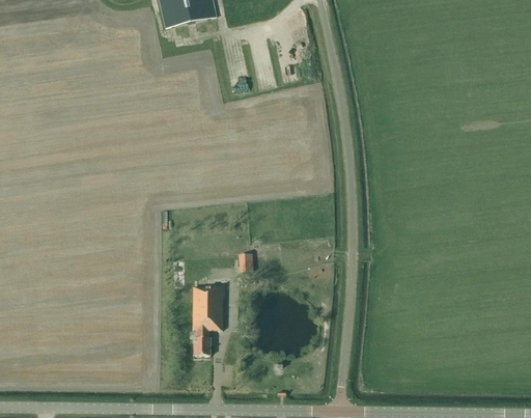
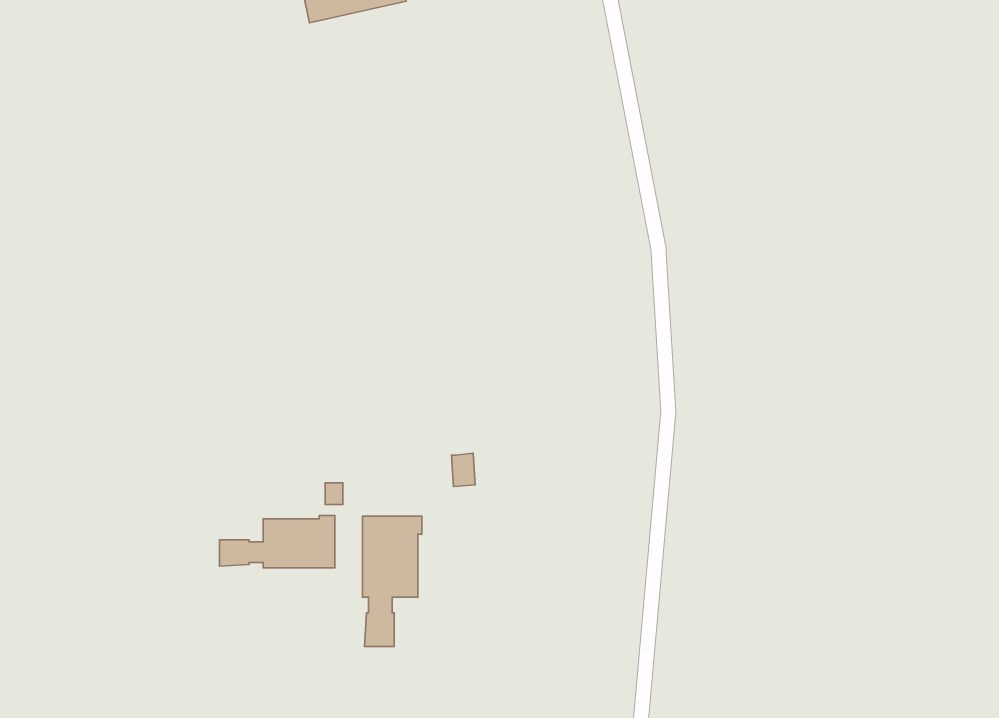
building: none -> [220,515,335,568]

